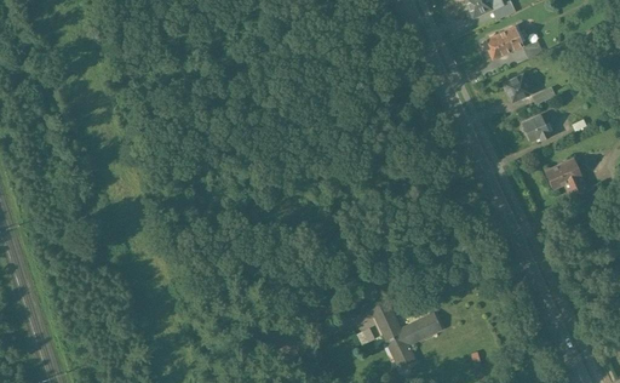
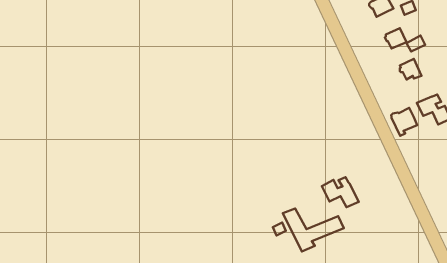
building: none -> [391,108,417,136]
building: none -> [322,177,359,207]

